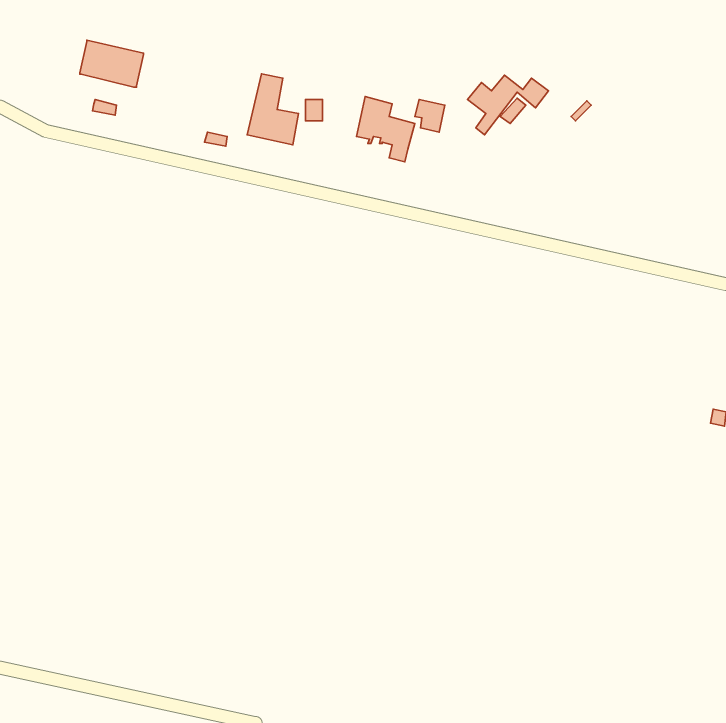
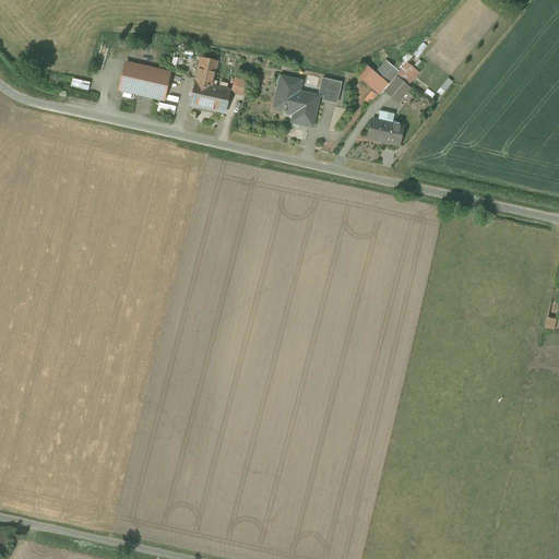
building: [80,40,144,87] -> [120,61,169,97]
building: none -> [367,117,404,144]

